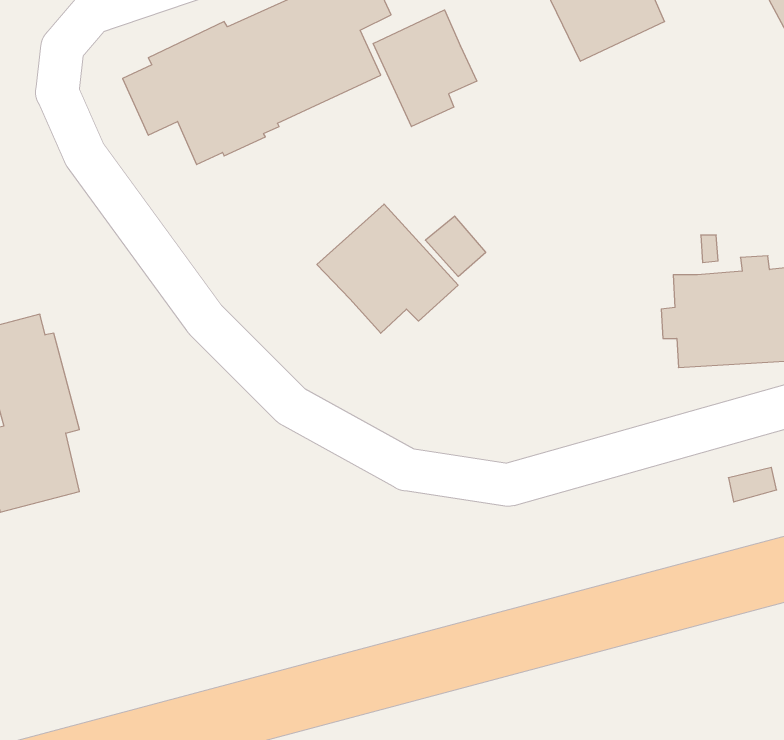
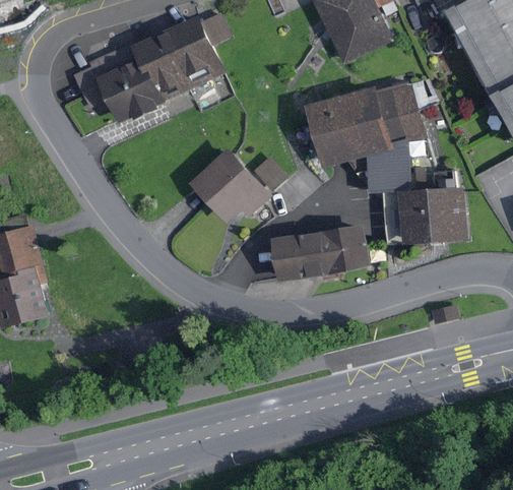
building: [373,10,477,127] -> none
building: none -> [304,77,438,192]
building: none -> [271,224,370,283]

